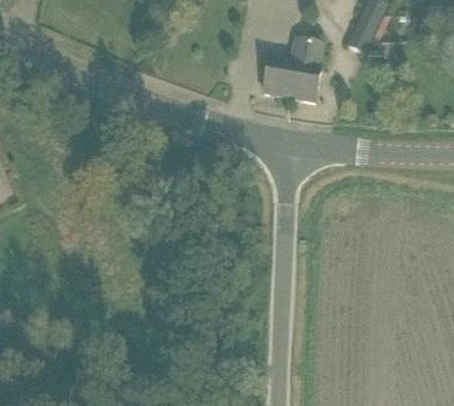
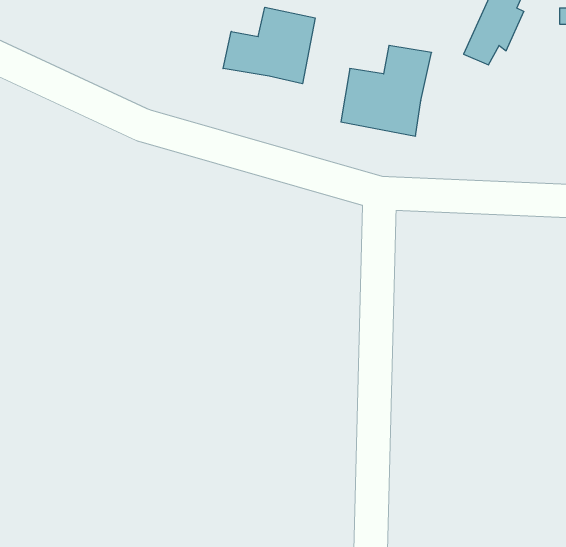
building: none -> [223,7,315,84]

